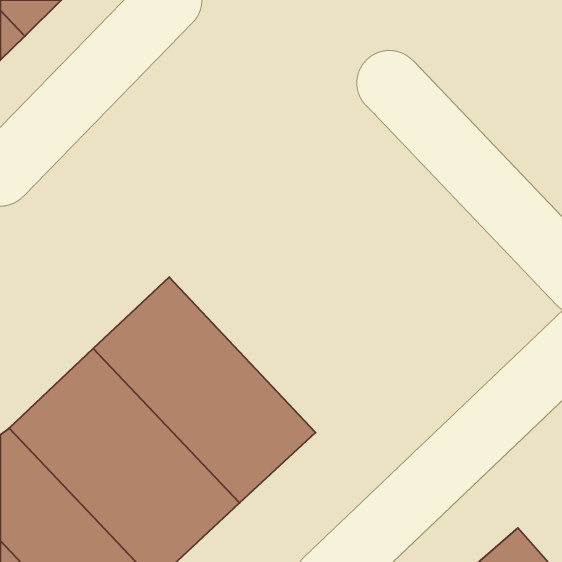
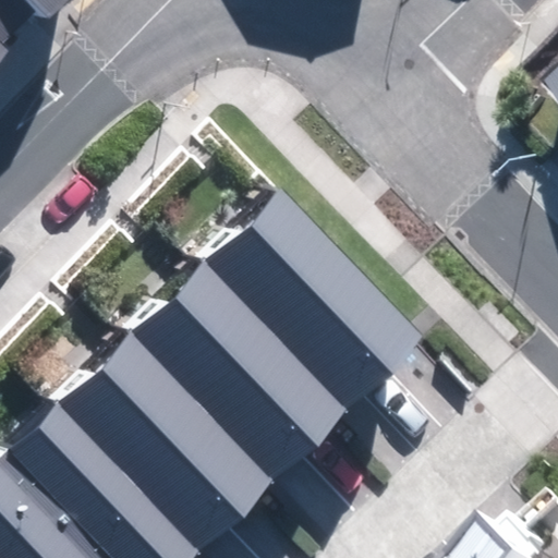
building: none -> [180,211,398,433]

